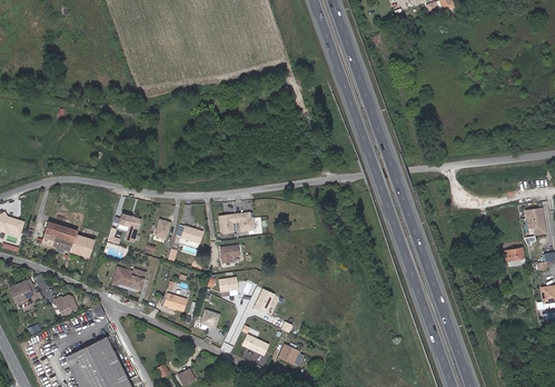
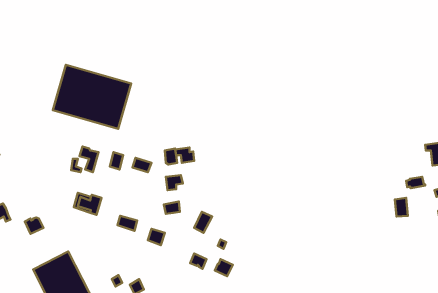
building: none -> [53,65,131,129]
building: [42,221,93,257] -> none

